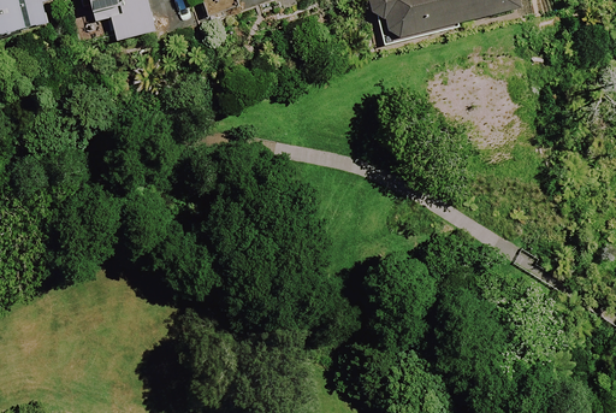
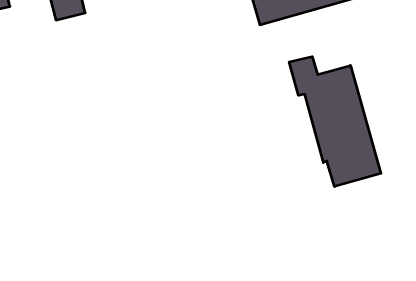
building: none -> [289,57,381,187]

